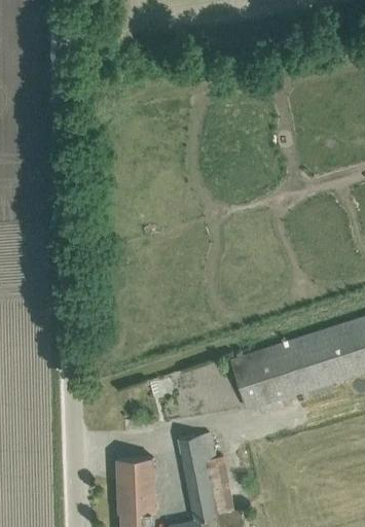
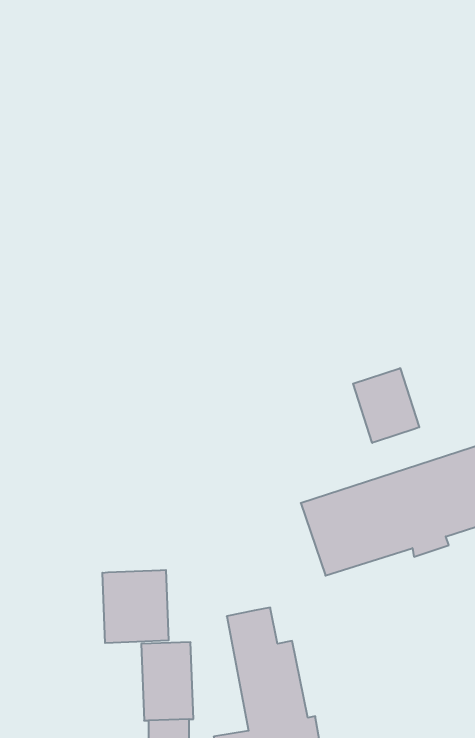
building: none -> [353,368,419,443]
building: none -> [102,570,169,643]

